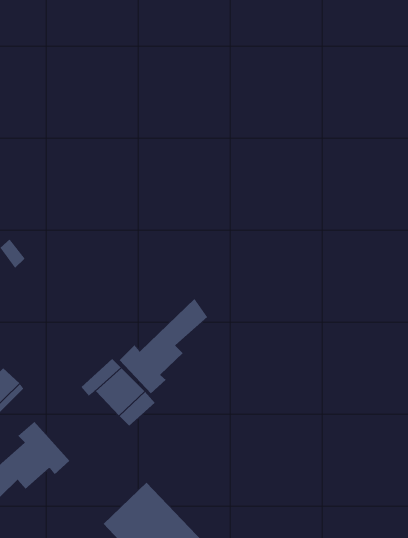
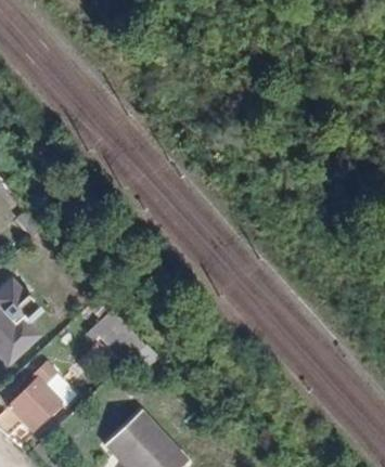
building: [119,298,208,394] -> none

